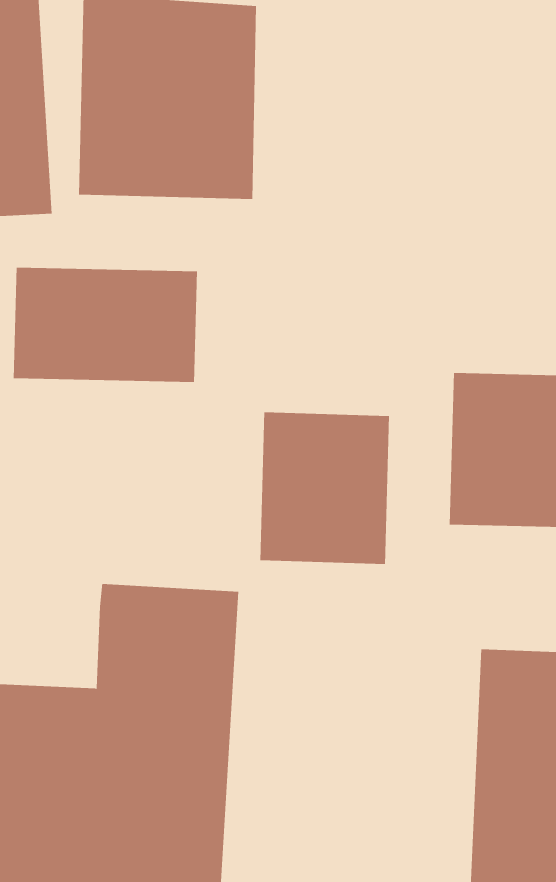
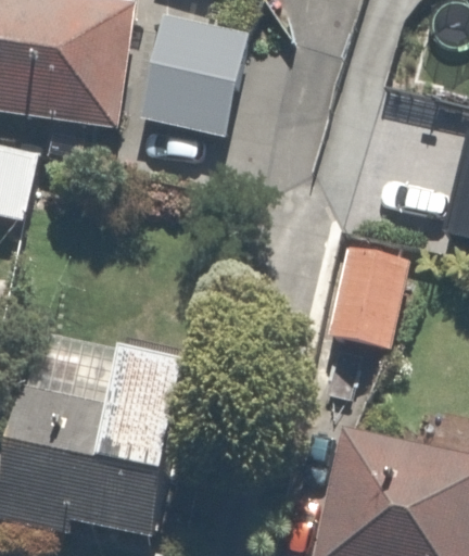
building: [13,267,198,383] -> none
building: [260,412,389,565] -> none

